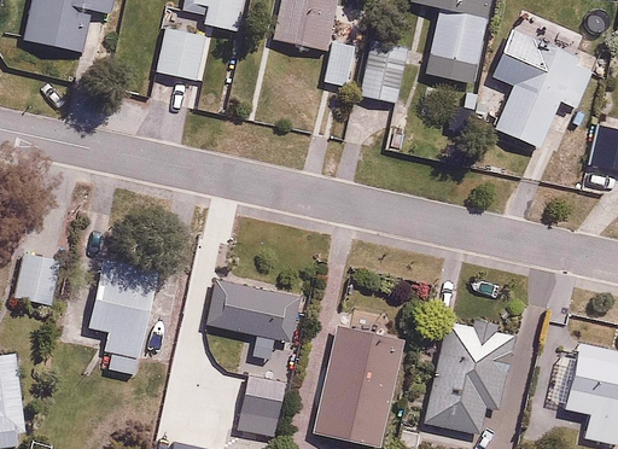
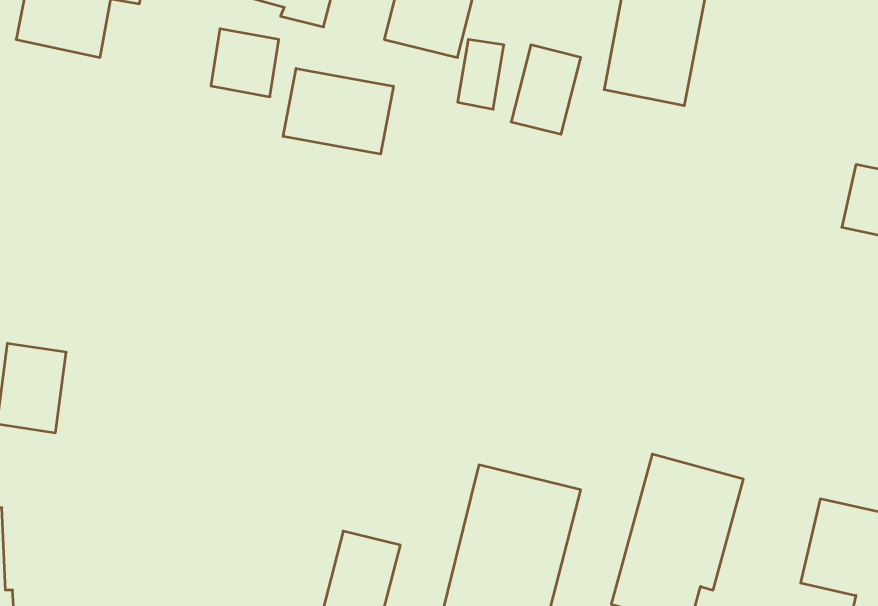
building: [490,22,597,151] -> none
building: none -> [283,68,393,154]
building: [87,252,159,374] -> none
building: [205,279,302,345] -> none

